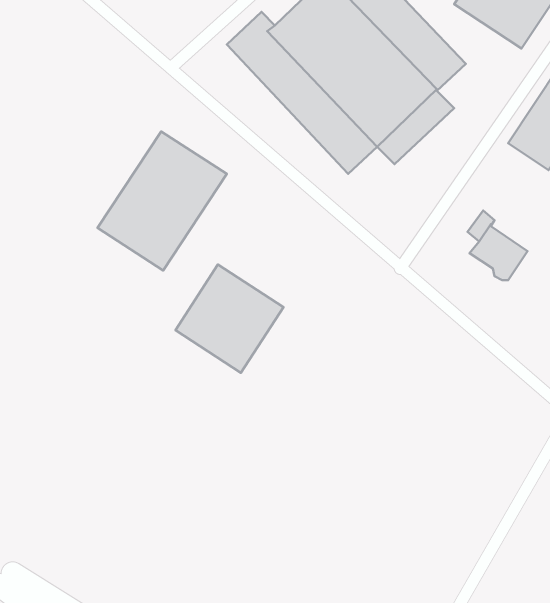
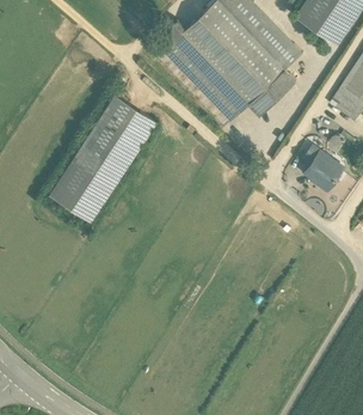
building: [175,265,283,373] -> [49,155,116,222]

